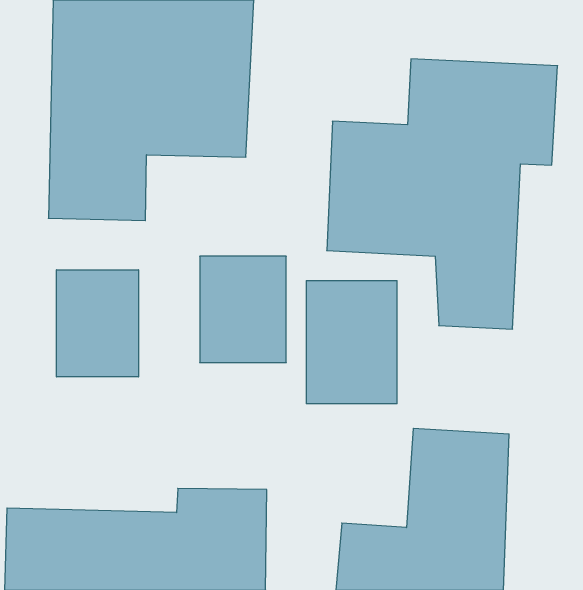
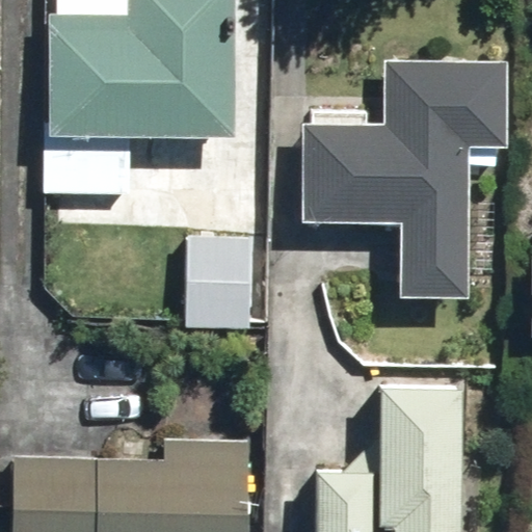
building: [57,270,138,377] -> none
building: [306,281,397,404] -> none

